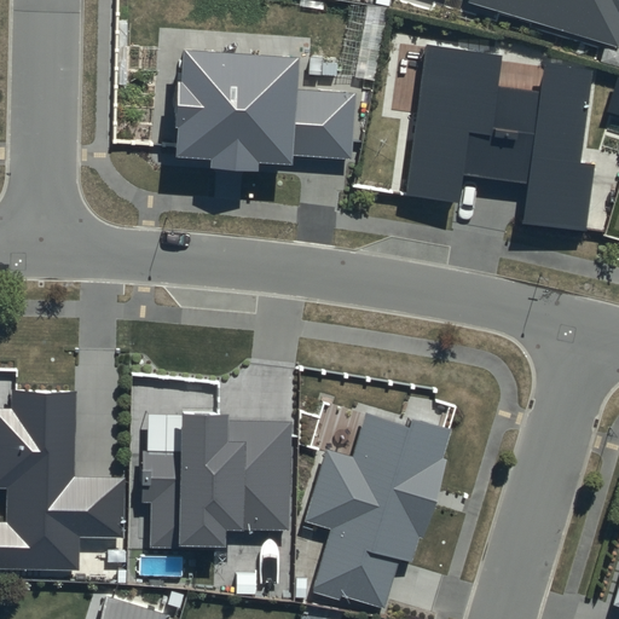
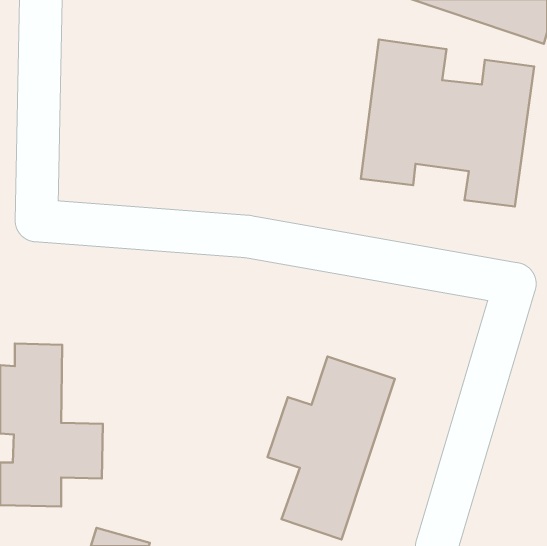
building: [174,47,358,170] -> none
building: [149,409,290,549] -> none

